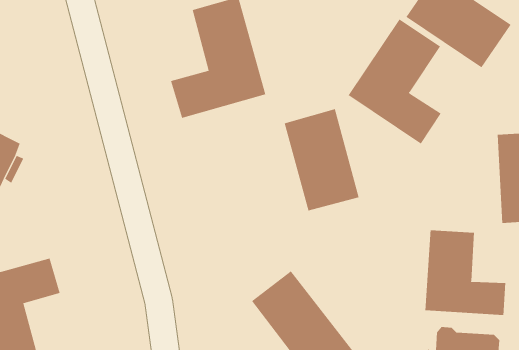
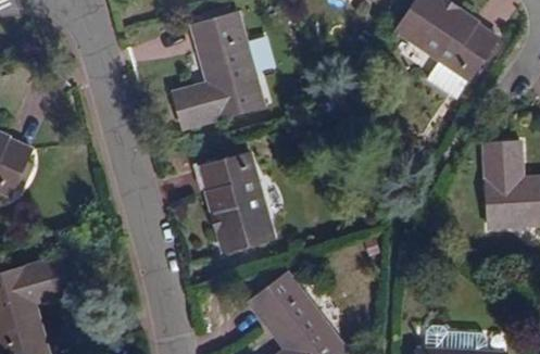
building: [348,18,441,145] -> none
building: [284,108,359,211] -> [200,152,272,250]
building: [425,229,506,316] -> none

